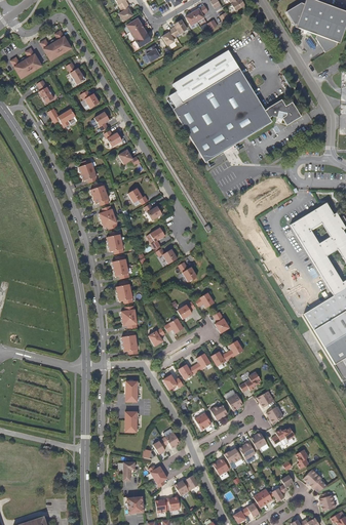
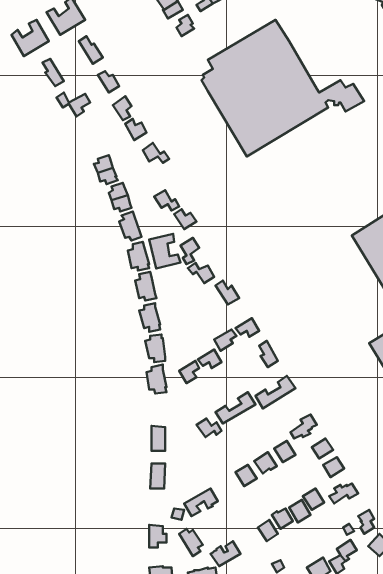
building: none -> [149,234,180,268]

